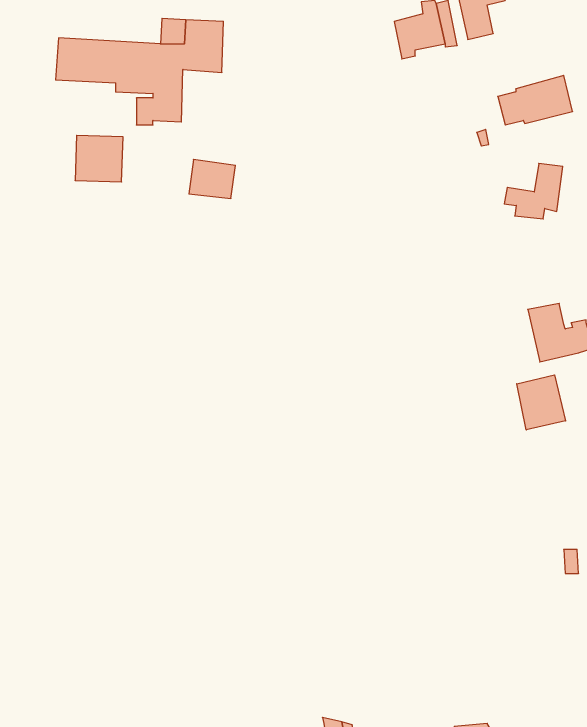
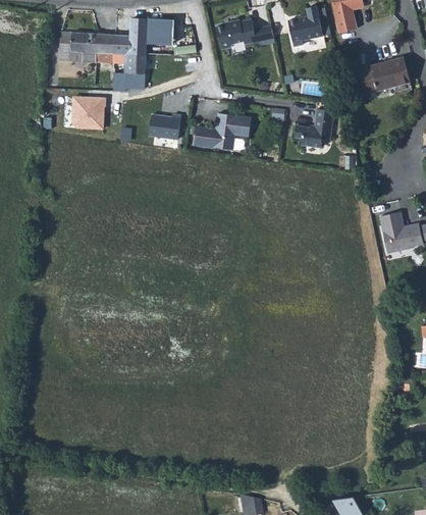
building: none -> [215,17,274,48]
building: none -> [195,112,251,148]
building: [504,163,563,219] -> [294,108,333,146]
building: [517,375,566,430] -> none

